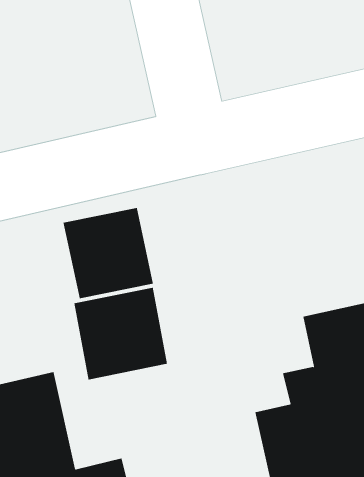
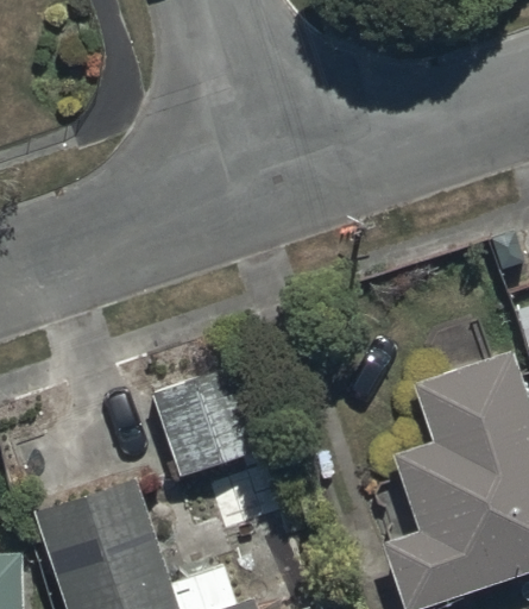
building: [63,207,154,299] -> none

